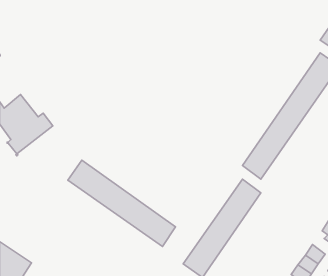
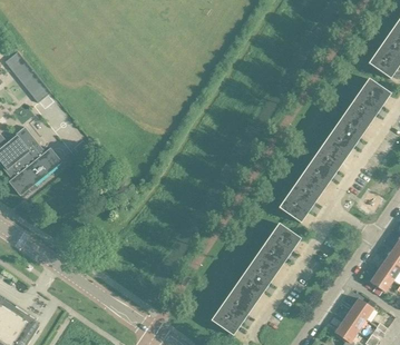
building: none -> [6,51,51,102]
building: [68,160,176,247] -> none

